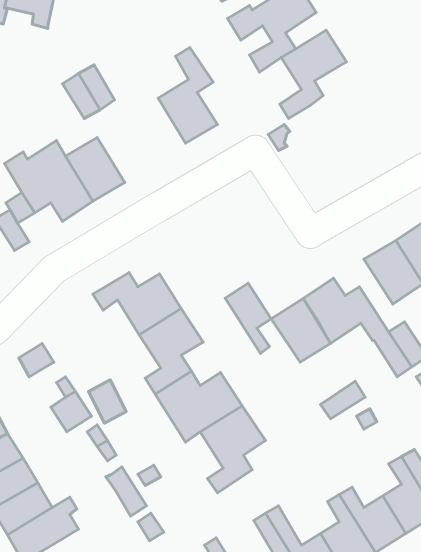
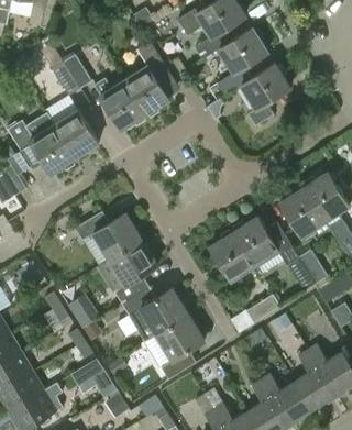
building: none -> [240,64,289,126]
building: none -> [95,78,145,130]
building: [225,283,271,353] -> none

